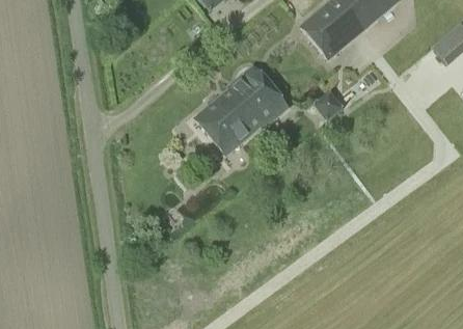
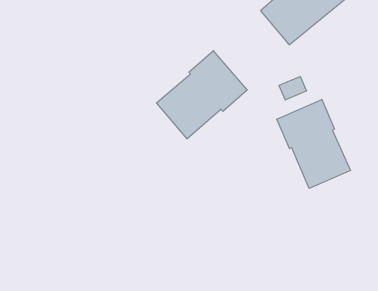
building: none -> [277,99,350,188]

